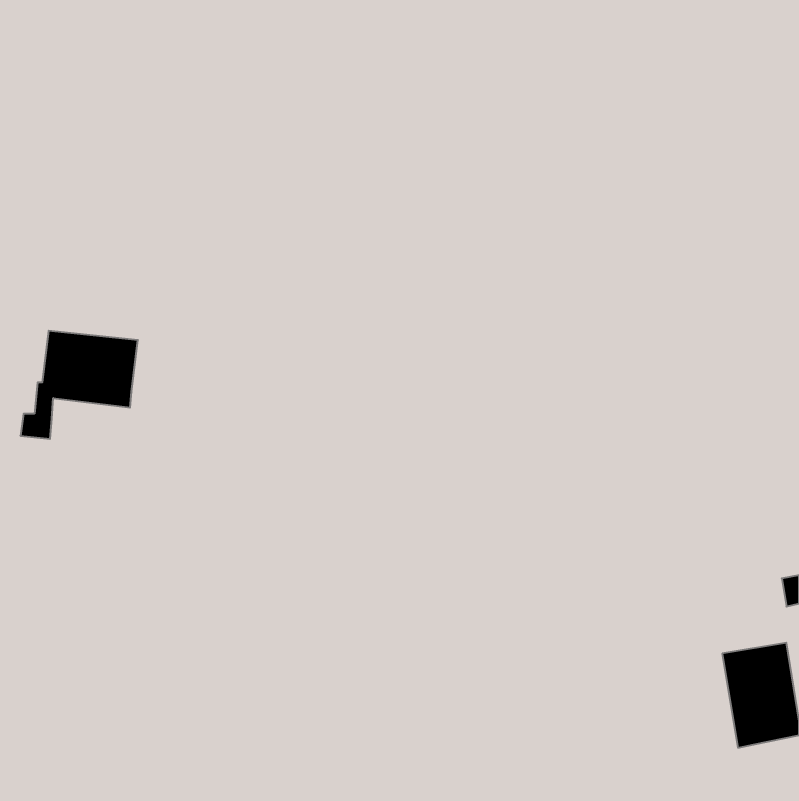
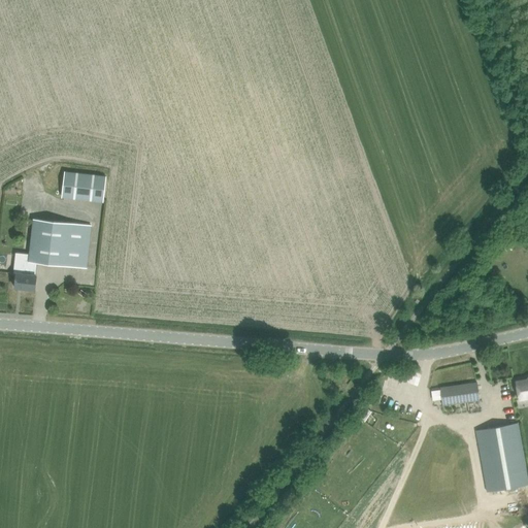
building: none -> [60,171,105,202]
building: none -> [439,382,478,405]

